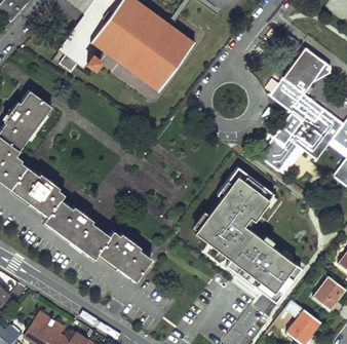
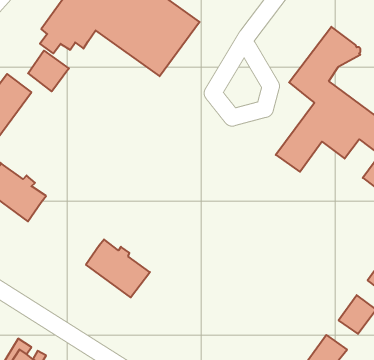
building: none -> [28,51,69,91]
building: [192,167,302,302] -> none
building: [44,197,109,256] -> none

